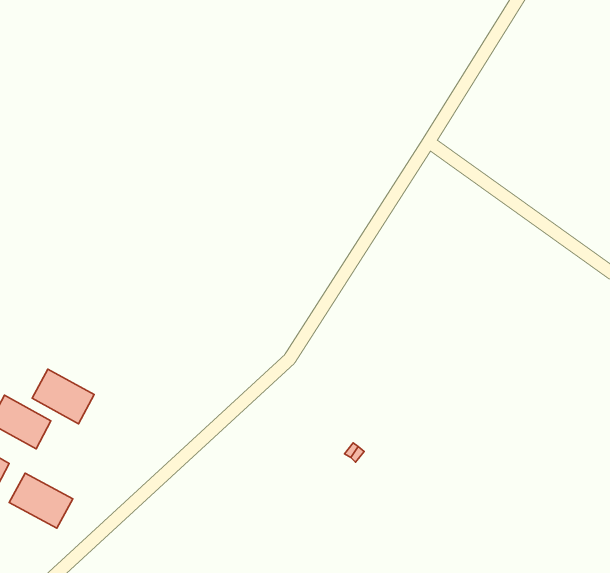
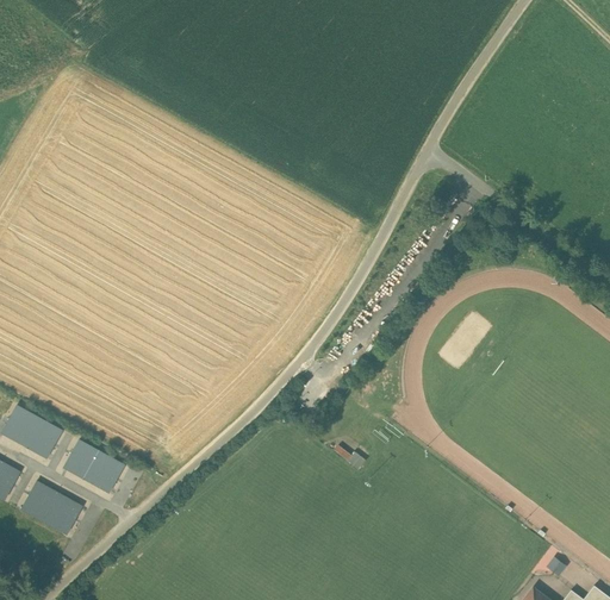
building: [32,369,94,424] -> [63,439,124,493]

